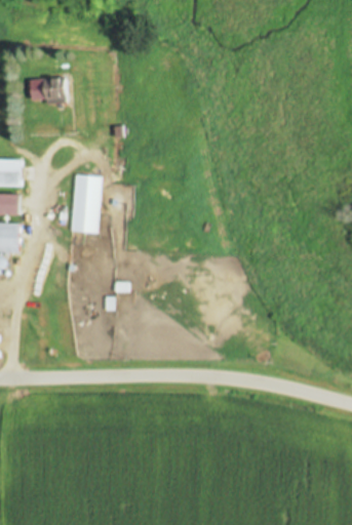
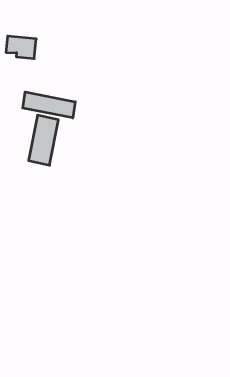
building: none -> [23,92,75,118]

